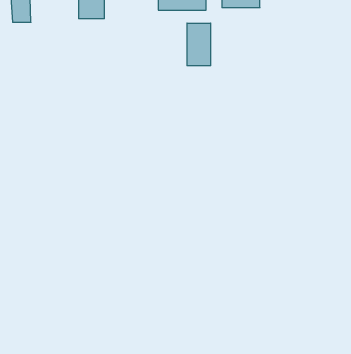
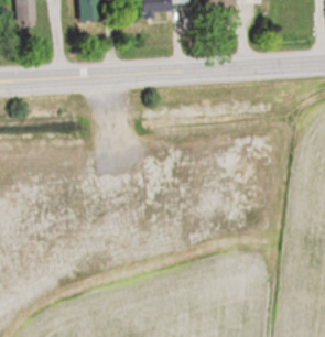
building: [187,23,211,66] -> none

